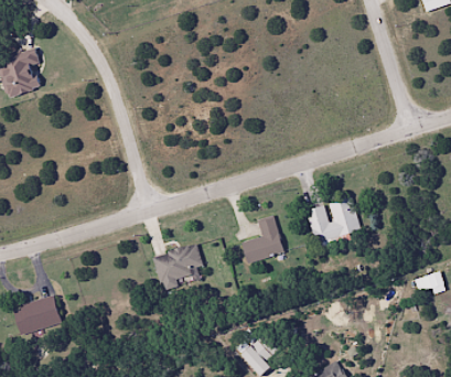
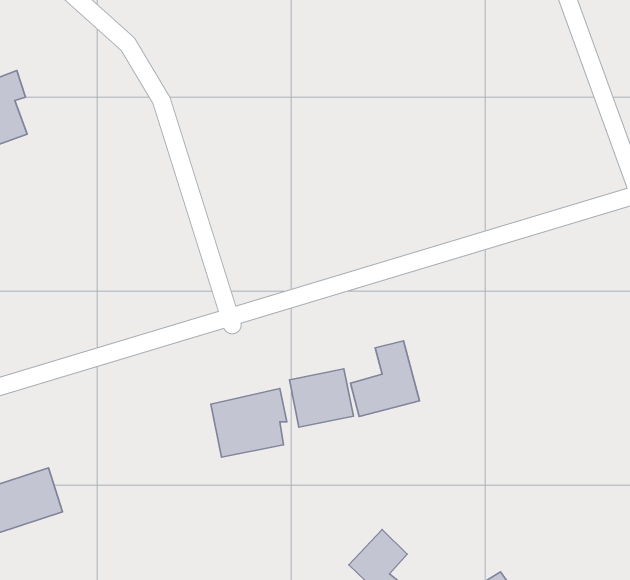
building: [307,198,361,244] -> none
building: none -> [289,369,353,427]

